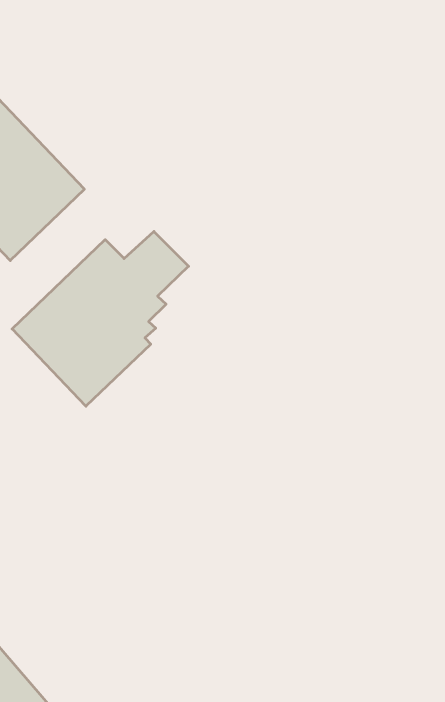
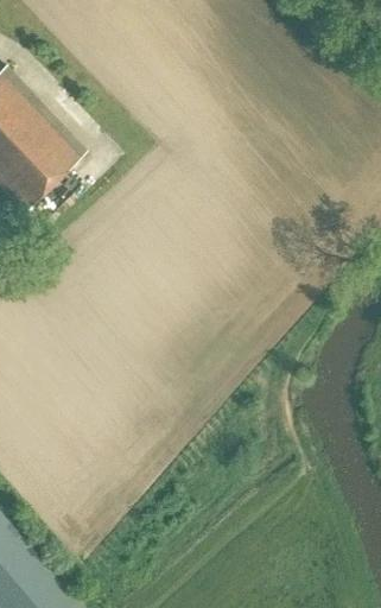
building: [12,231,189,406] -> none

